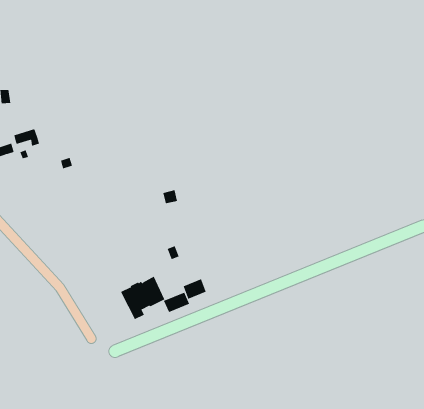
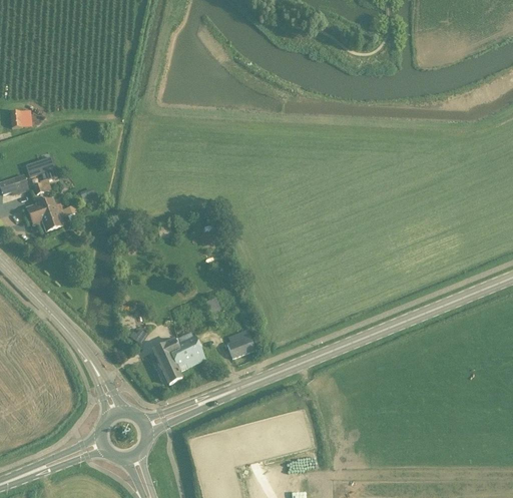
building: none -> [26,198,78,230]
building: [163,292,190,313] -> none

